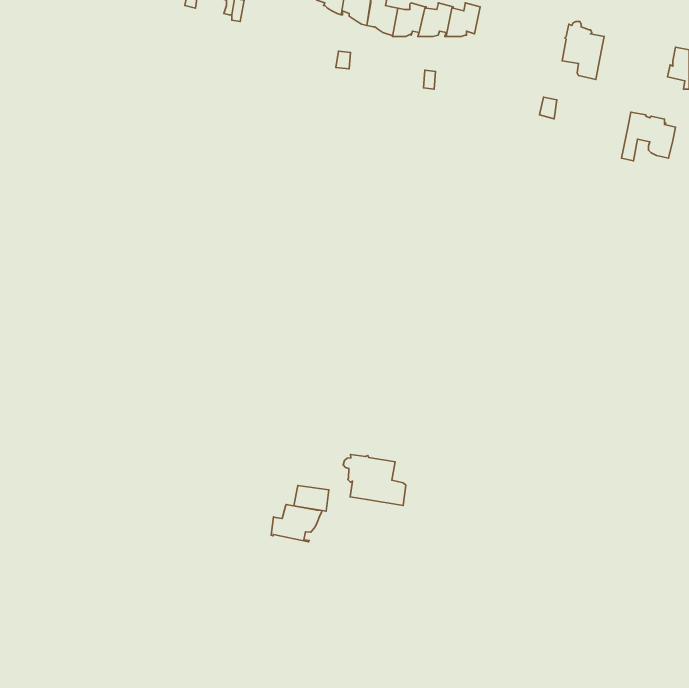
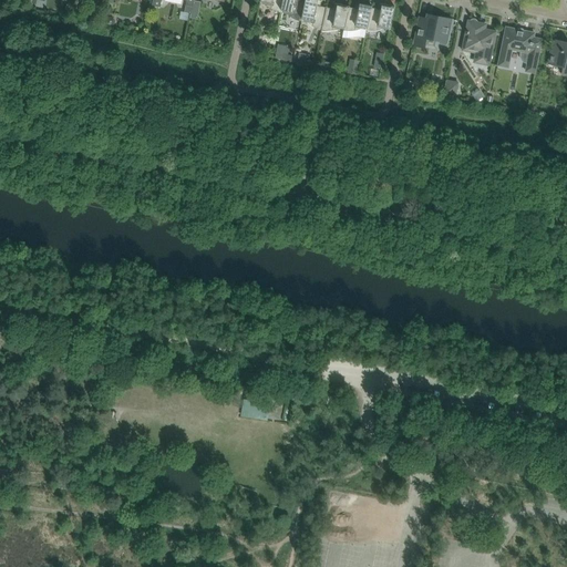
building: none -> [413,13,452,48]
building: [621,112,675,161] -> [498,27,543,66]
building: [343,454,406,506] -> none
building: [271,505,322,542] -> none

